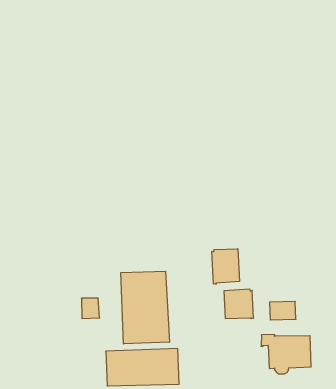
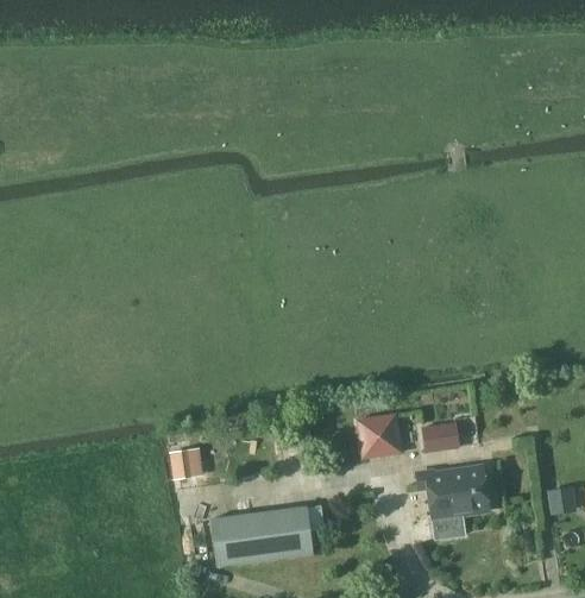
building: [212,249,239,284] -> none
building: [121,271,169,344] -> none

